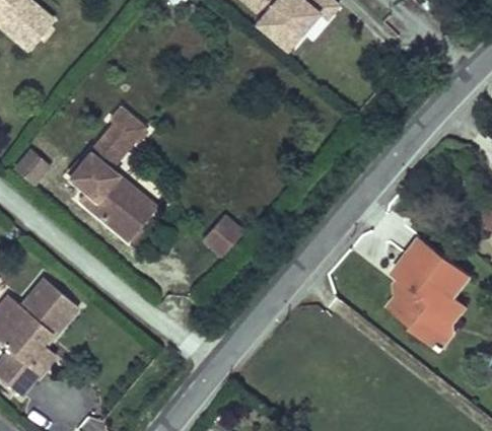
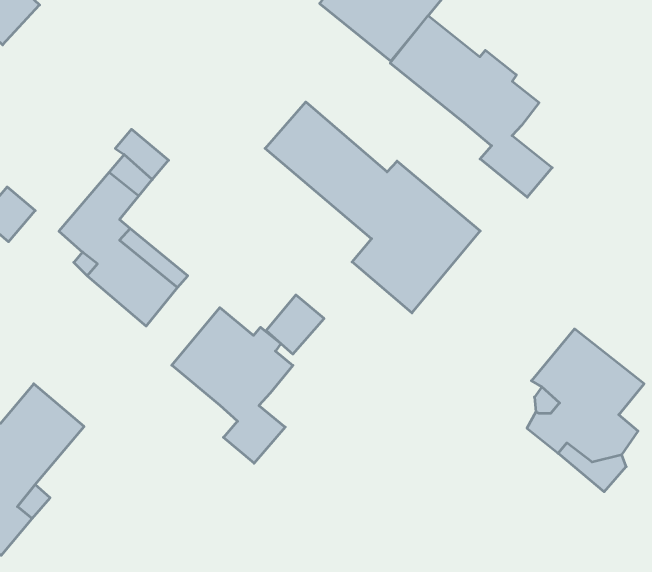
building: none -> [390,16,552,197]
building: none -> [265,102,480,313]
building: none -> [172,308,293,463]

